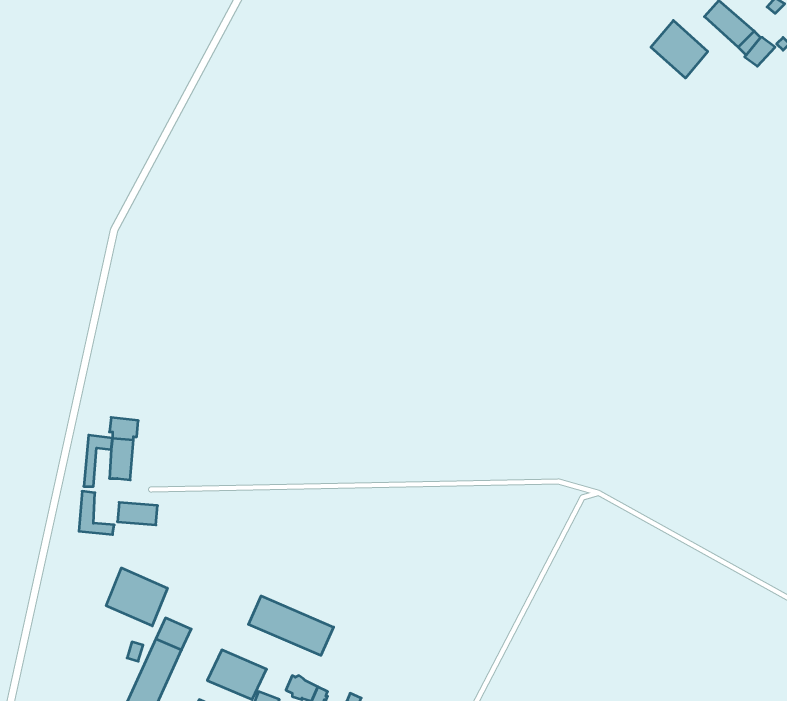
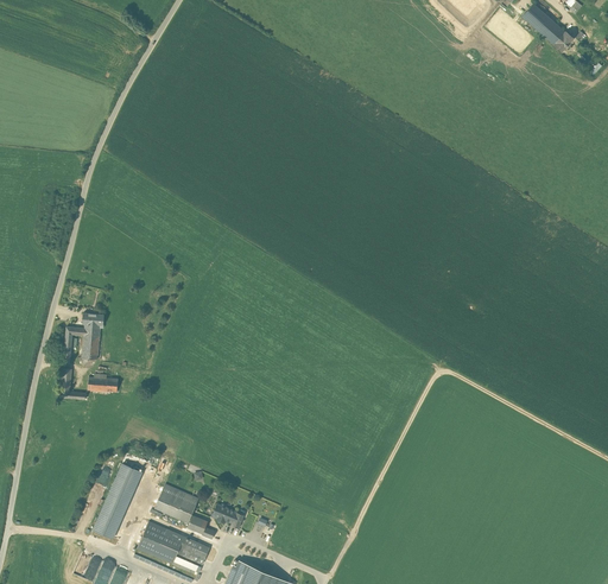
building: [651,20,708,78] -> none
building: [106,568,167,626] -> none
building: [248,596,334,655] -> none

